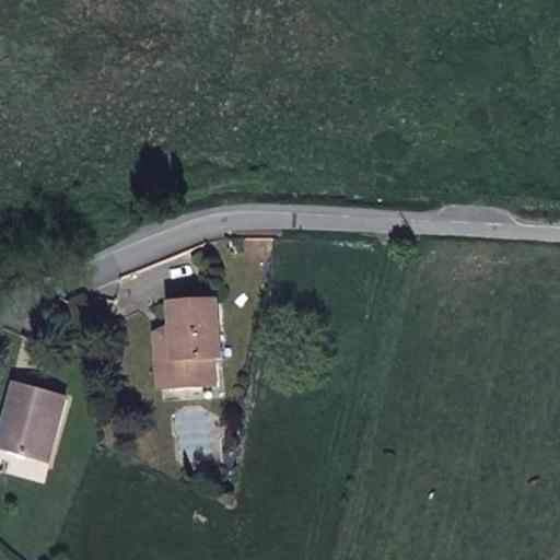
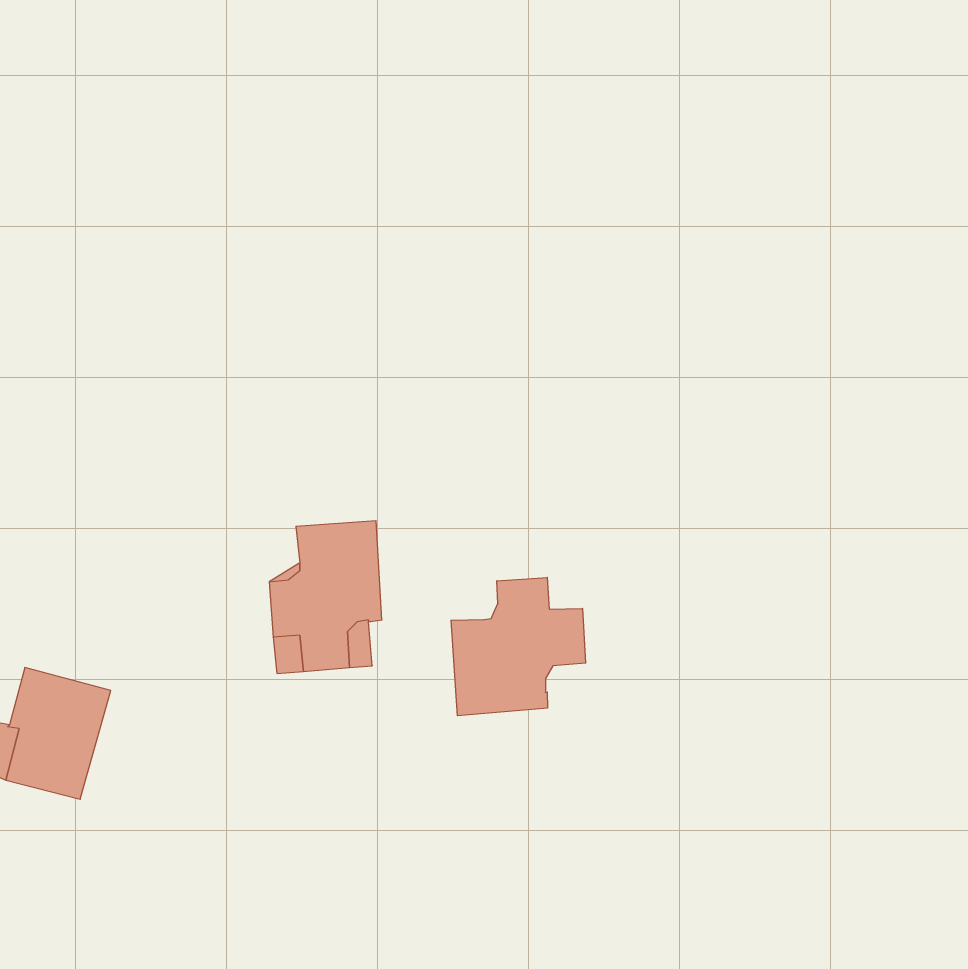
building: none -> [451,577,586,716]

